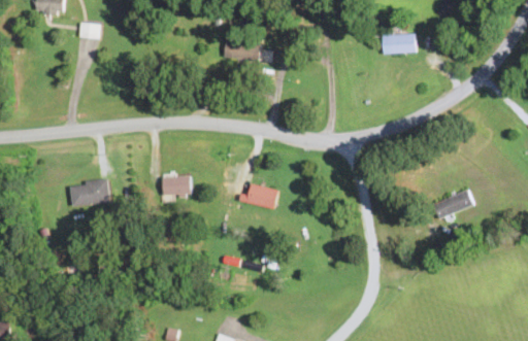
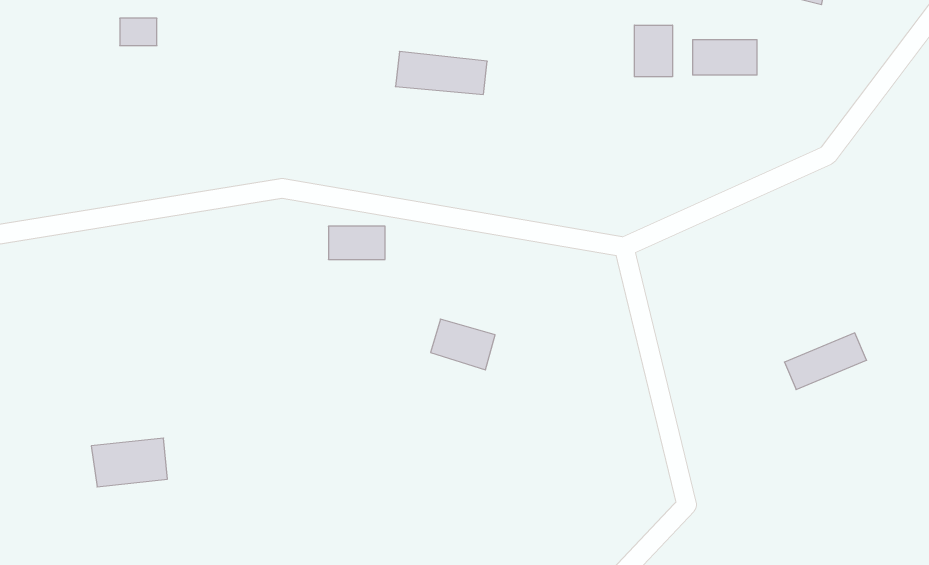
building: none -> [634,25,672,77]
building: [161,176,191,194] -> [328,226,385,259]
building: [69,179,109,205] -> [91,438,167,487]

